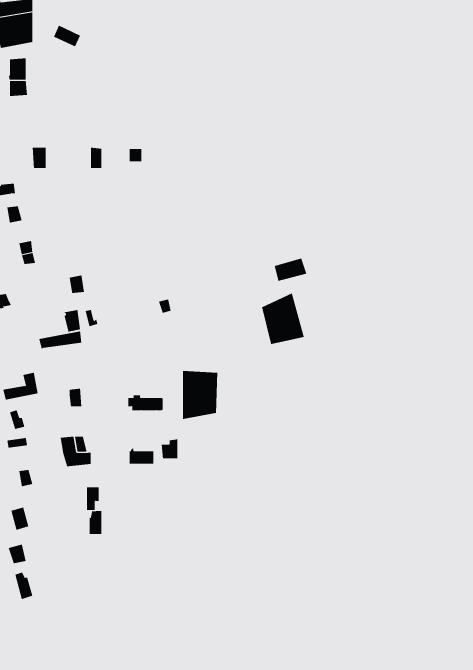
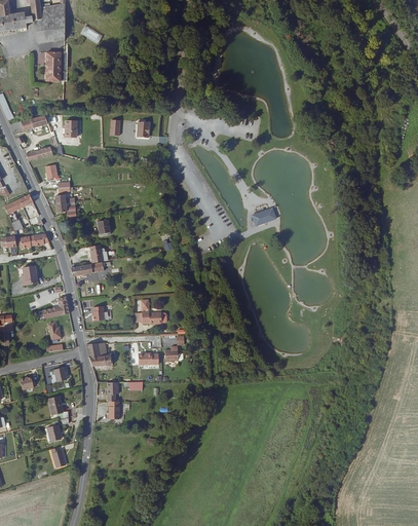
building: [262,292,304,345] -> none
building: [182,370,218,420] -> none

